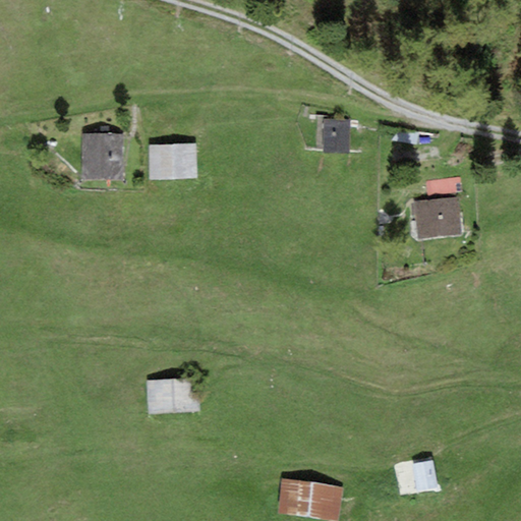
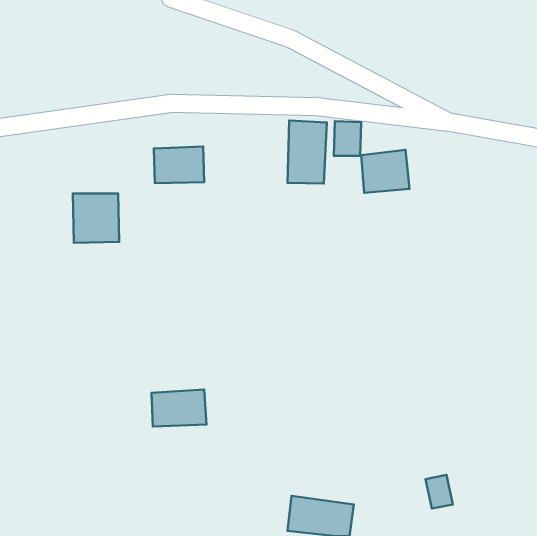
building: none -> [287,121,327,184]
building: [80,132,125,180] -> [73,193,119,243]
building: [413,195,460,237] -> [361,150,410,193]

